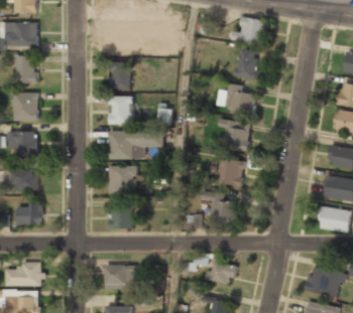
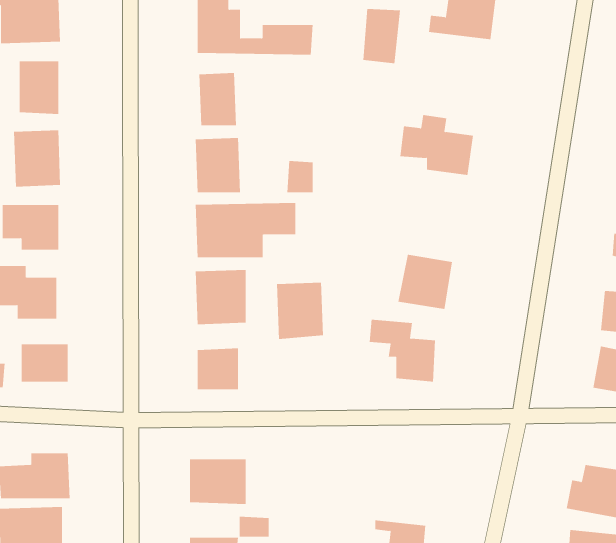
building: [236,49,256,79] -> [363,8,401,64]
building: [217,119,250,151] -> none
building: none -> [276,282,324,340]
building: [205,261,235,285] -> none

